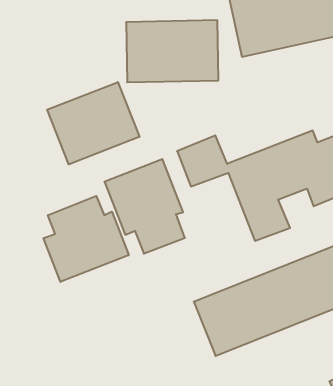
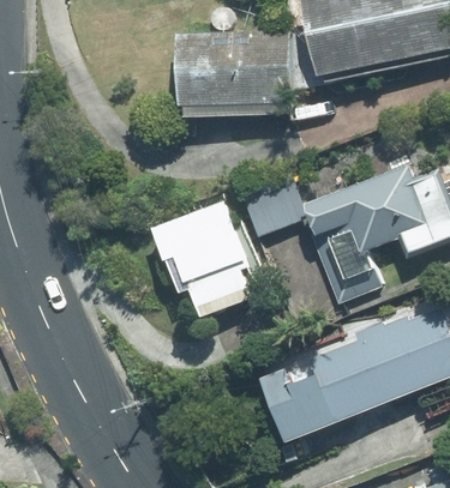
building: [47,82,139,164] -> none
building: [44,196,129,282] -> none

